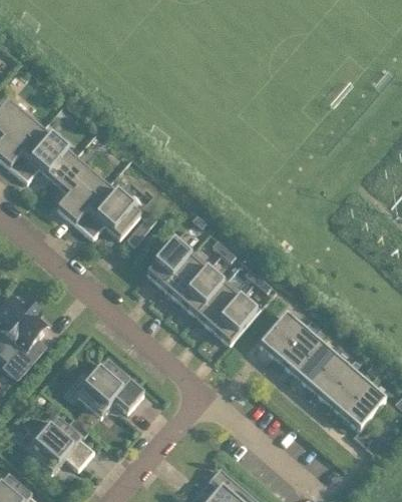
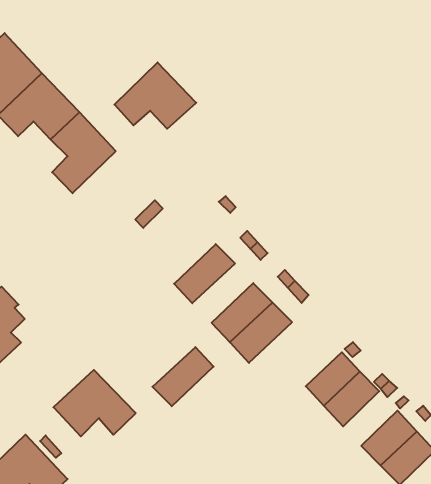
building: [75,185,140,237] -> [114,62,196,129]
building: [146,236,193,287] -> none
building: [179,266,227,315] -> [152,347,214,406]
building: [260,314,303,358] -> none
building: [310,356,352,401] -> none

